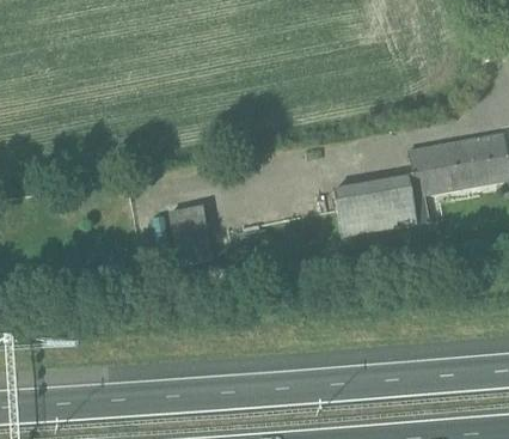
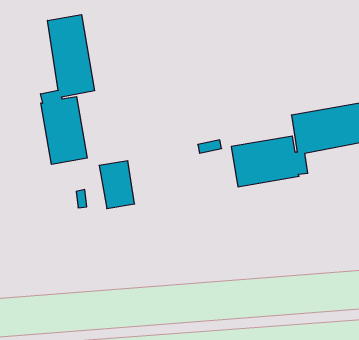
building: none -> [41,15,94,164]

